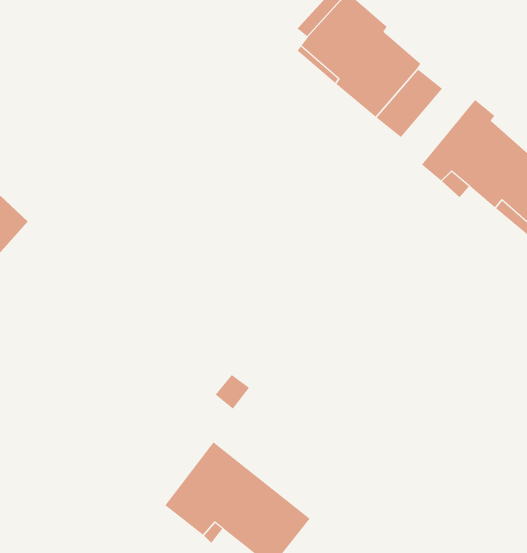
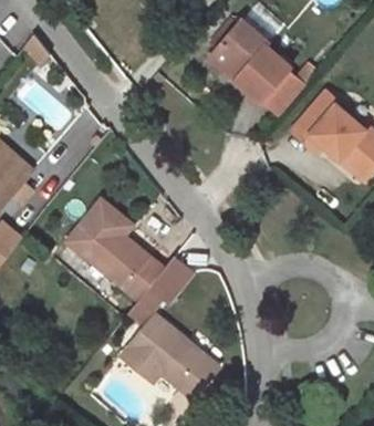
building: none -> [66,199,164,300]

